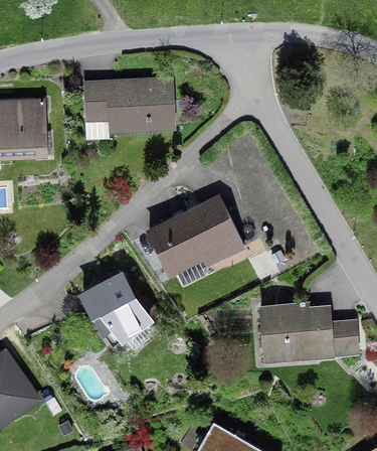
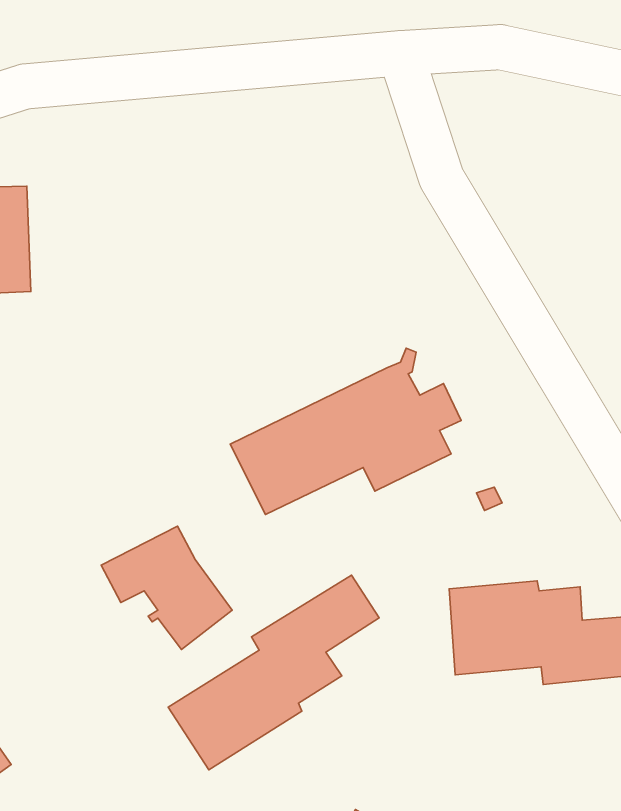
building: [83,82,174,131] -> none
building: none -> [168,575,379,770]

